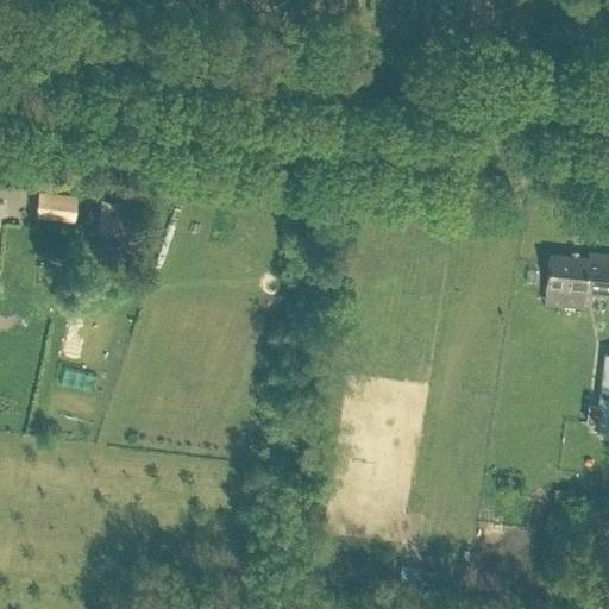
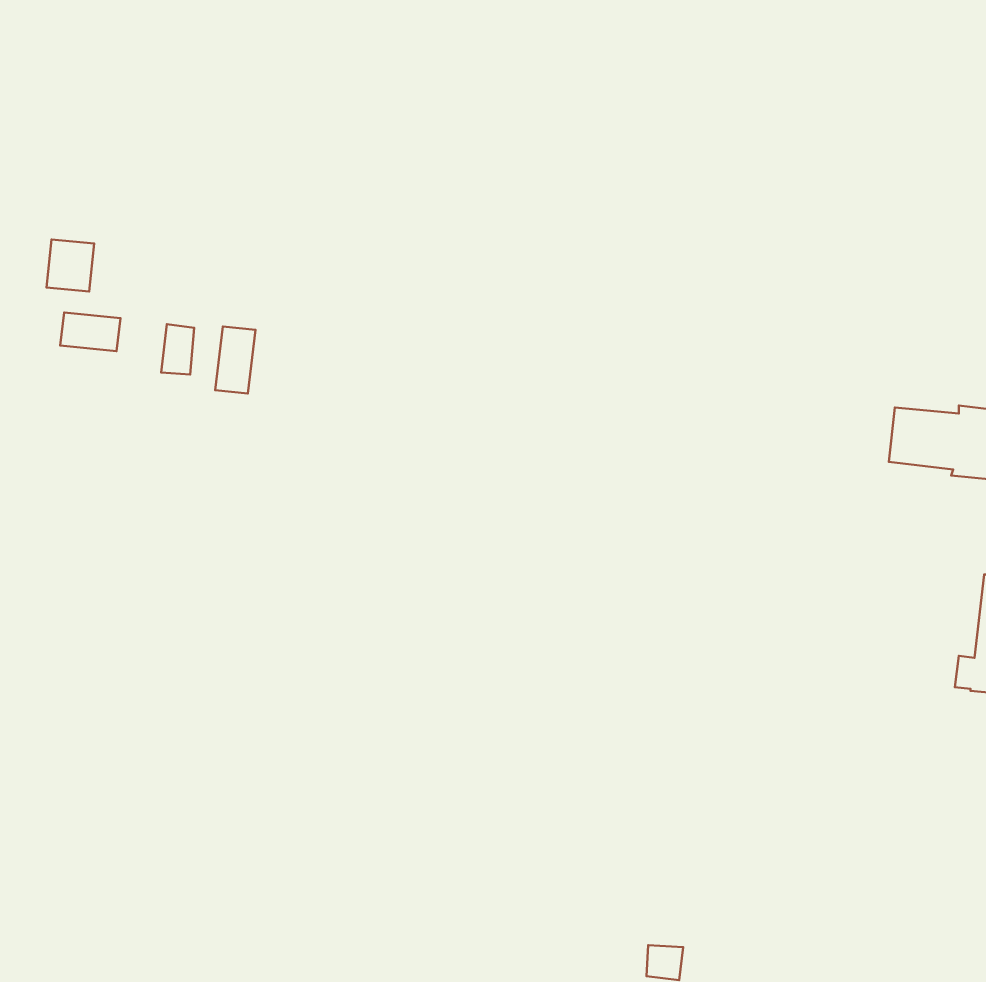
building: none -> [47,240,94,291]
building: none -> [215,327,255,393]

